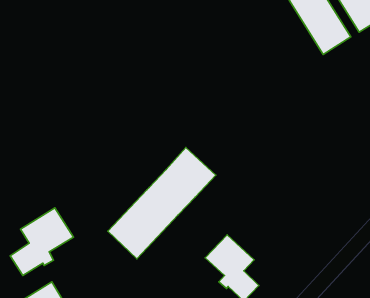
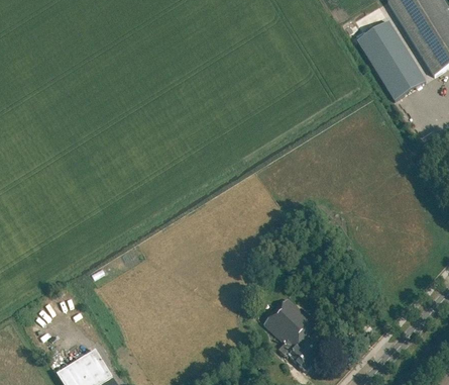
building: [108,147,216,259] -> none
building: [10,208,74,276] -> none

